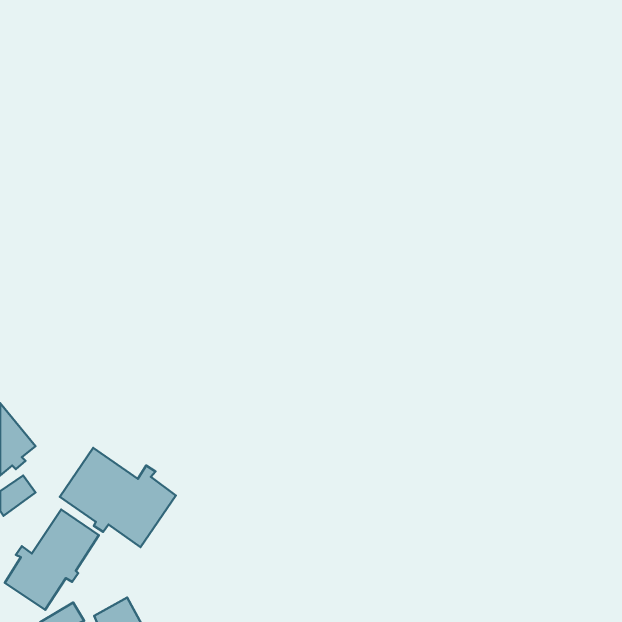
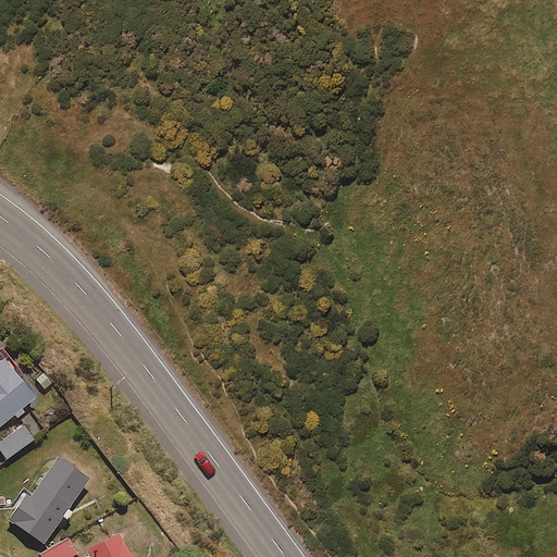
building: [60,448,176,547] -> none

